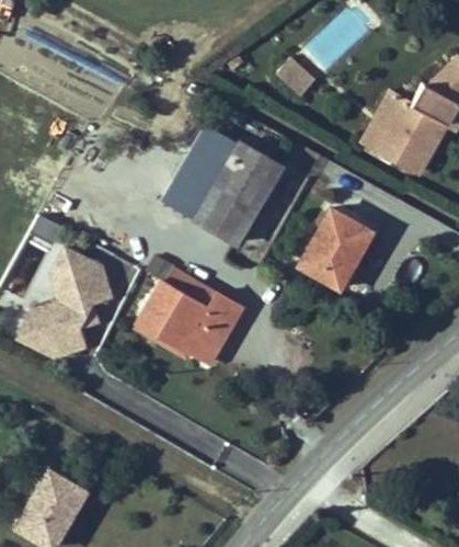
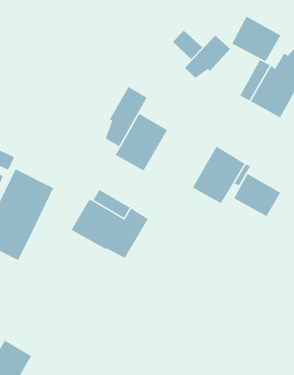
building: none -> [231,16,281,62]
building: none -> [184,35,231,79]
building: [229,146,282,190] -> none
building: none -> [233,173,281,217]

